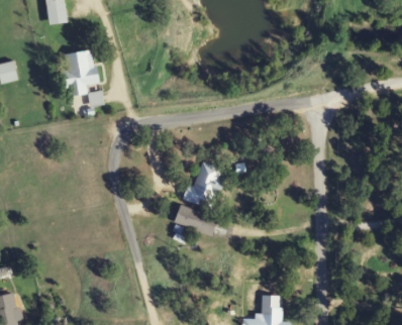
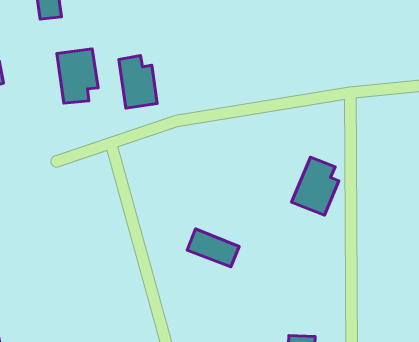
building: none -> [119,55,157,108]
building: [184,162,224,212] -> [291,157,339,215]

